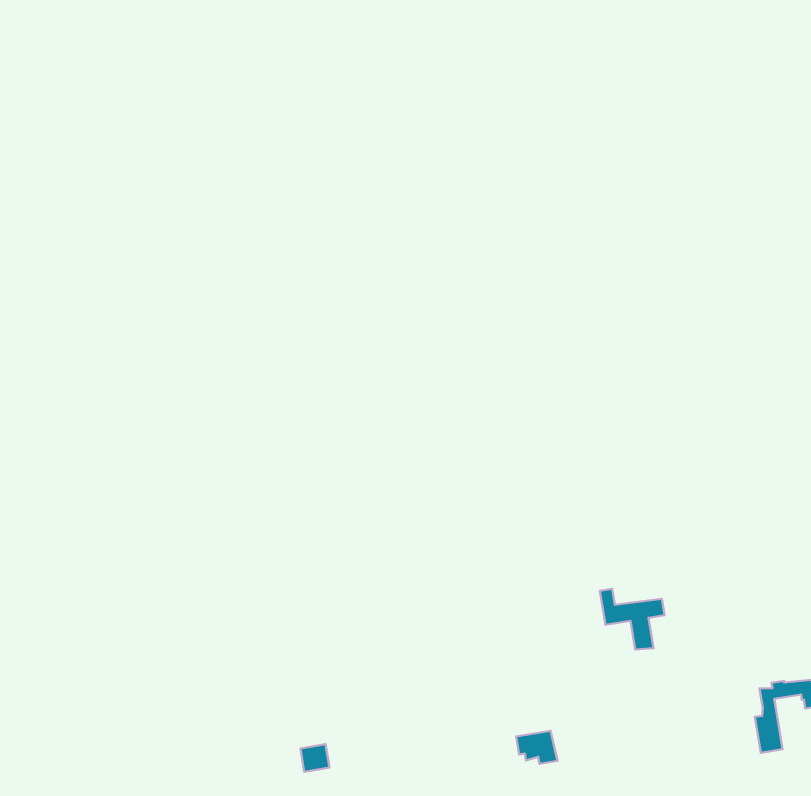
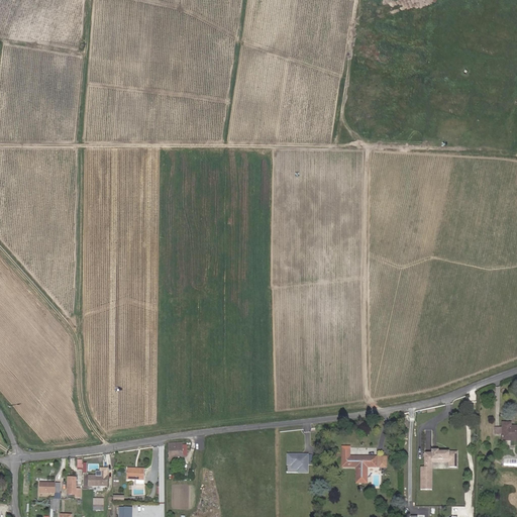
building: [600,589,665,650] -> [342,445,376,482]

